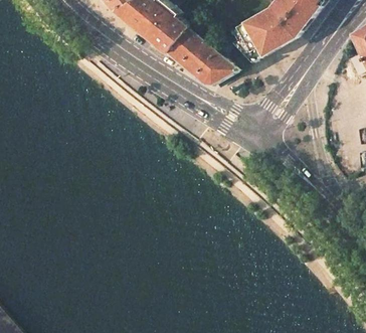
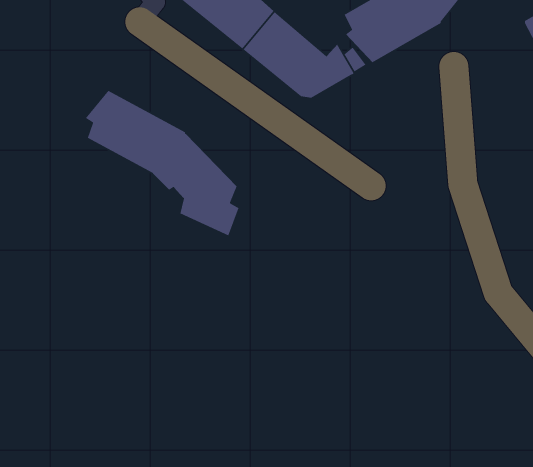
building: none -> [85,90,239,236]

